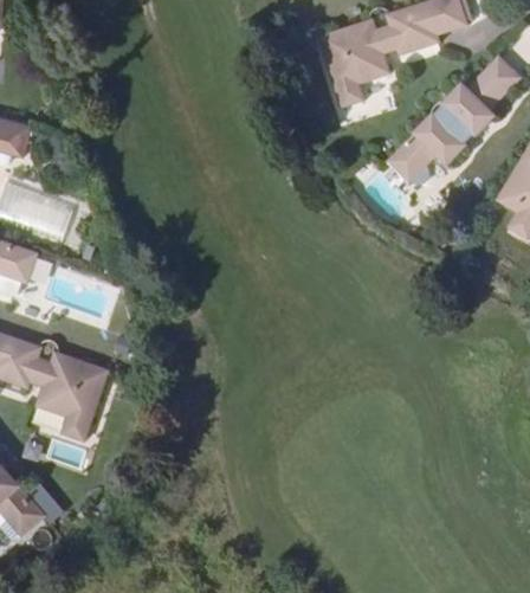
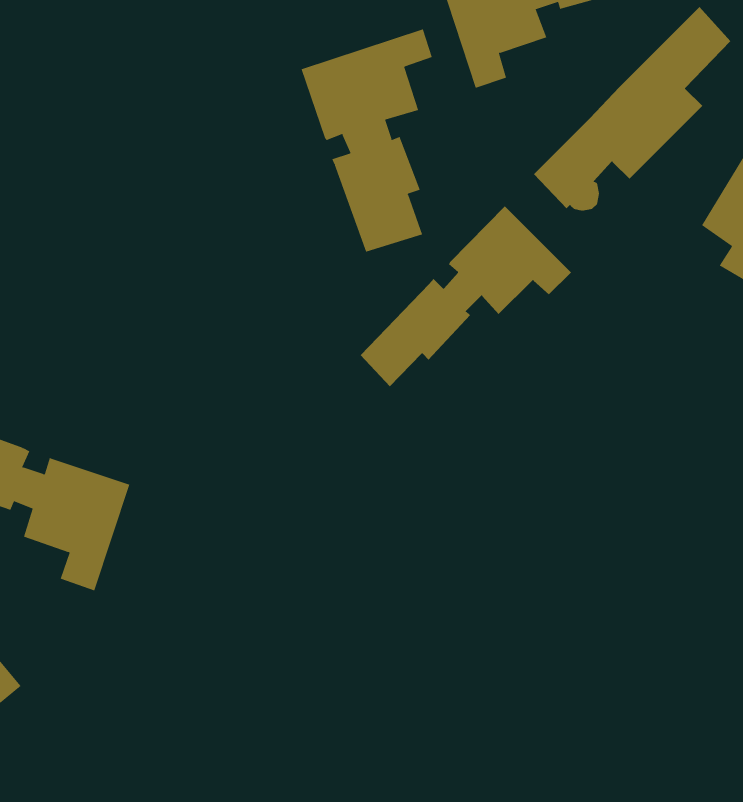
building: none -> [301,29,432,252]
building: none -> [360,206,572,387]

